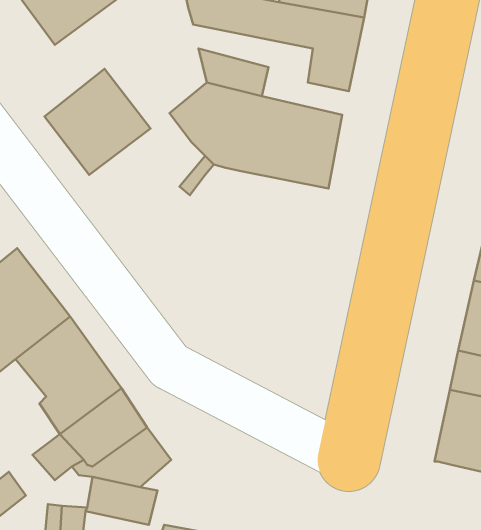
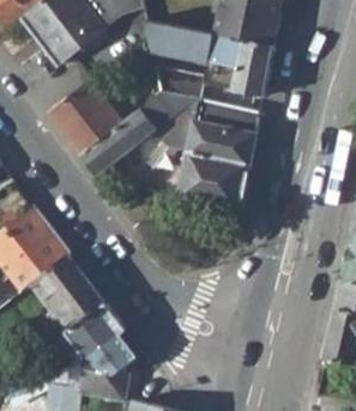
building: none -> [80,111,152,176]
building: none -> [177,152,248,211]

